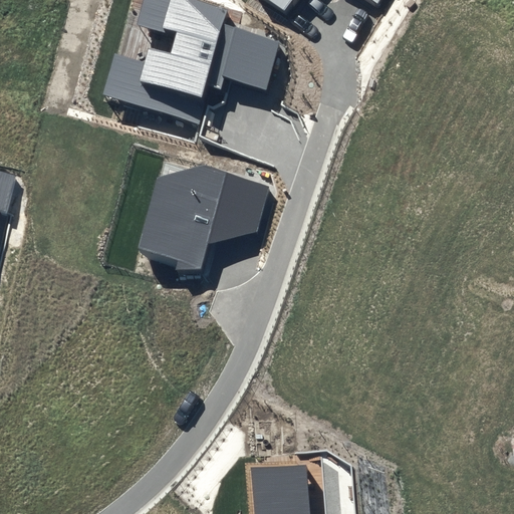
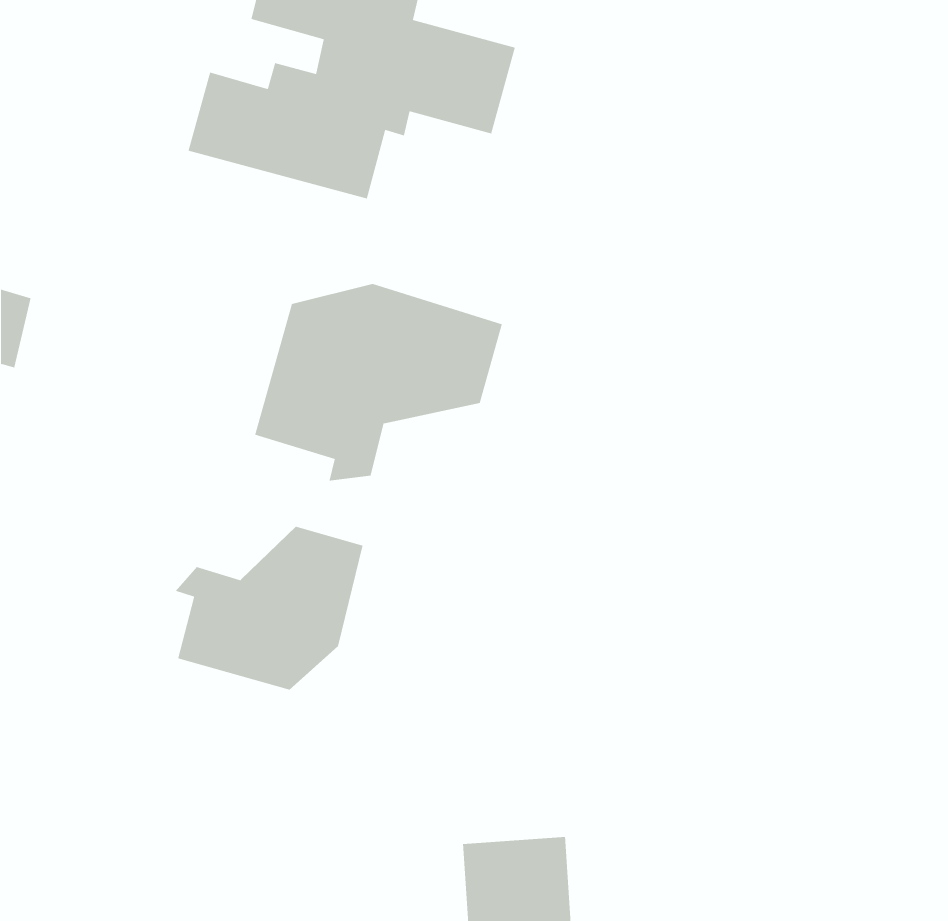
building: none -> [174,526,364,690]

